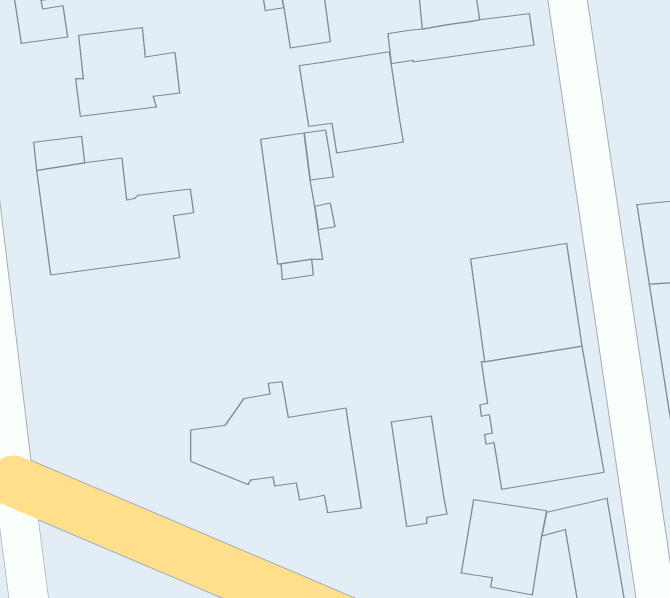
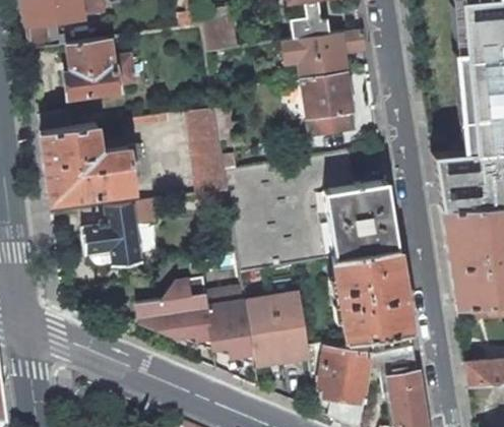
building: [299,52,403,153] -> [288,72,356,138]
building: none -> [79,202,141,266]
building: none -> [246,298,284,368]

